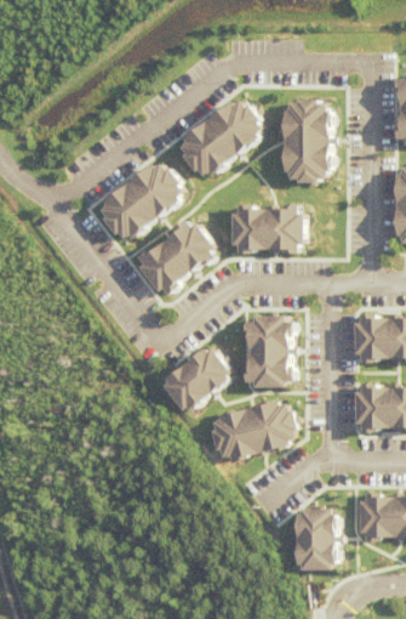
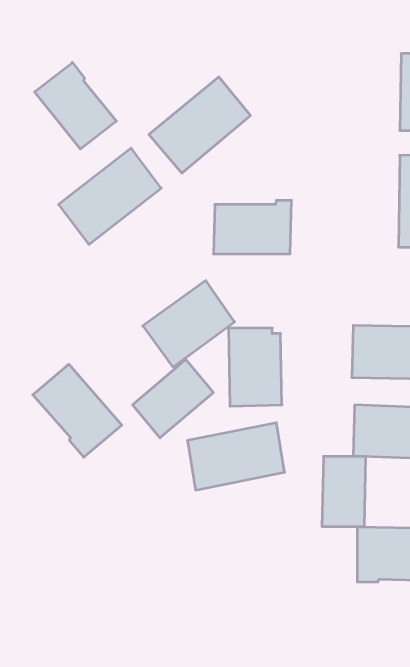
building: none -> [35,62,116,149]
building: [281,100,330,181] -> none
building: [135,218,216,295] -> [143,281,235,367]
building: none -> [33,364,122,457]
building: [295,509,333,570] -> [322,456,366,526]

